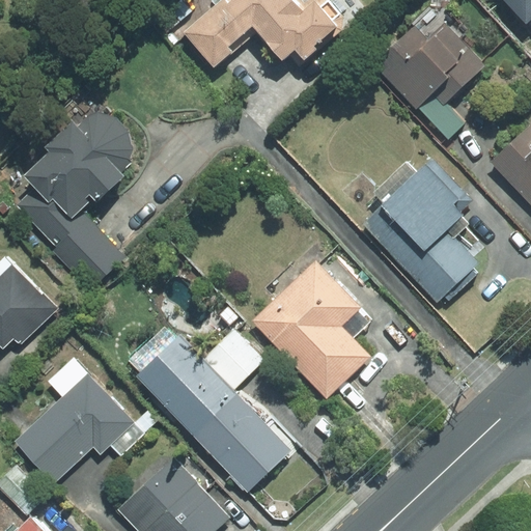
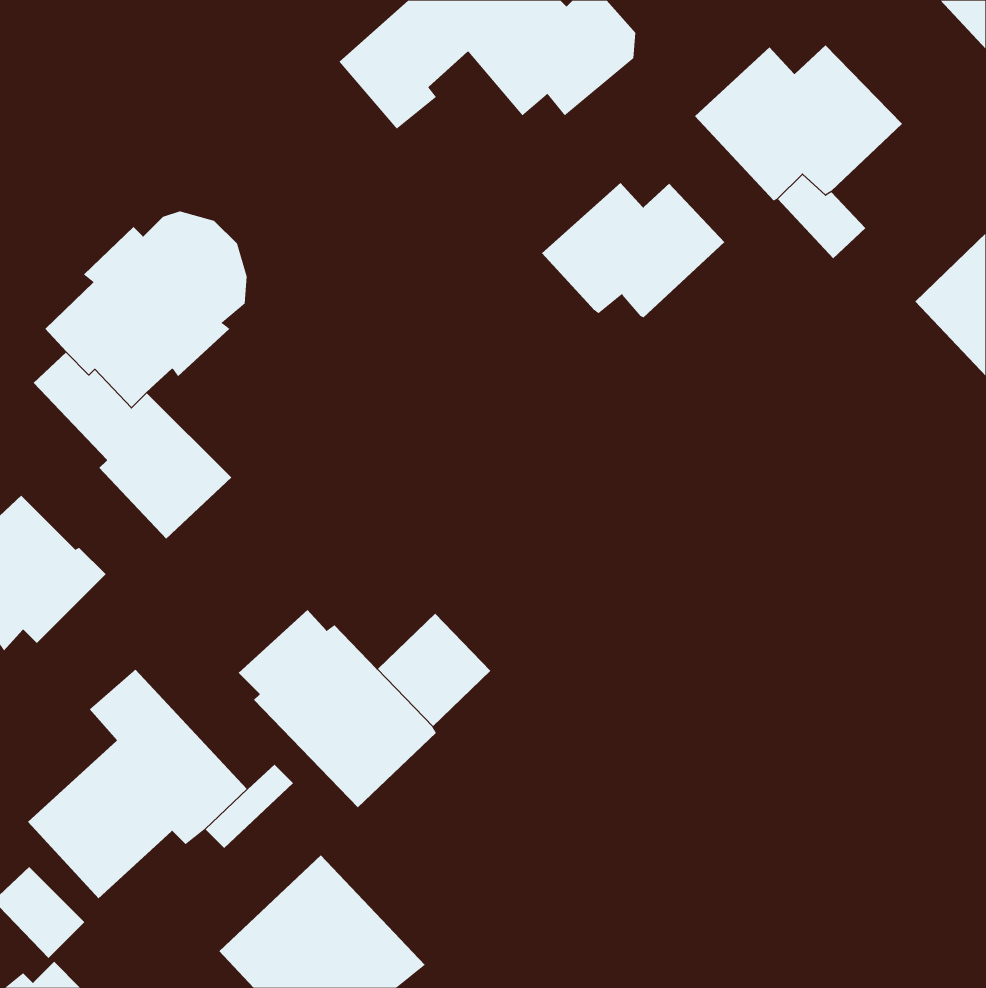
building: none -> [541,182,725,318]
building: [361,156,478,302] -> none
building: [254,262,367,395] -> none
building: [192,391,300,492] -> none

